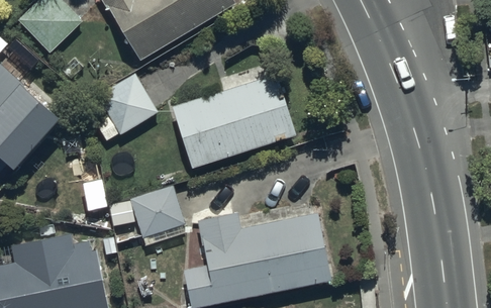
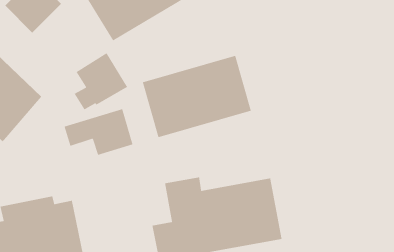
building: [106,184,185,237] -> [64,108,134,156]

